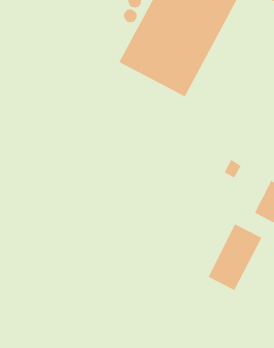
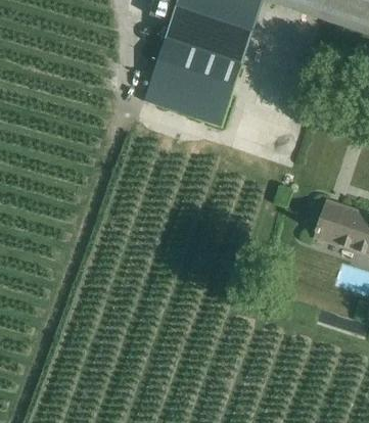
building: [208,223,262,291] -> none

